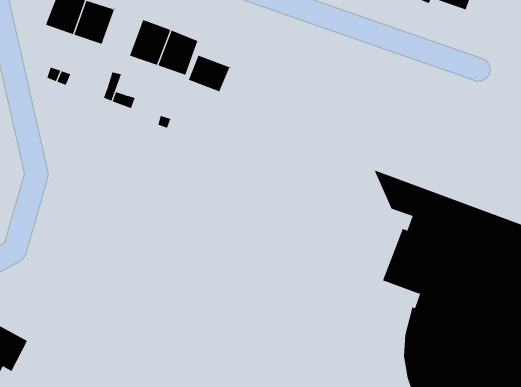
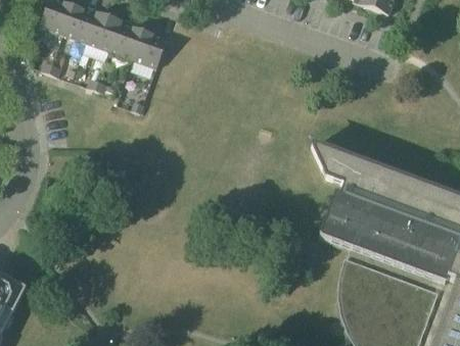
building: none -> [87,10,121,50]
building: [188,55,232,92] -> none

